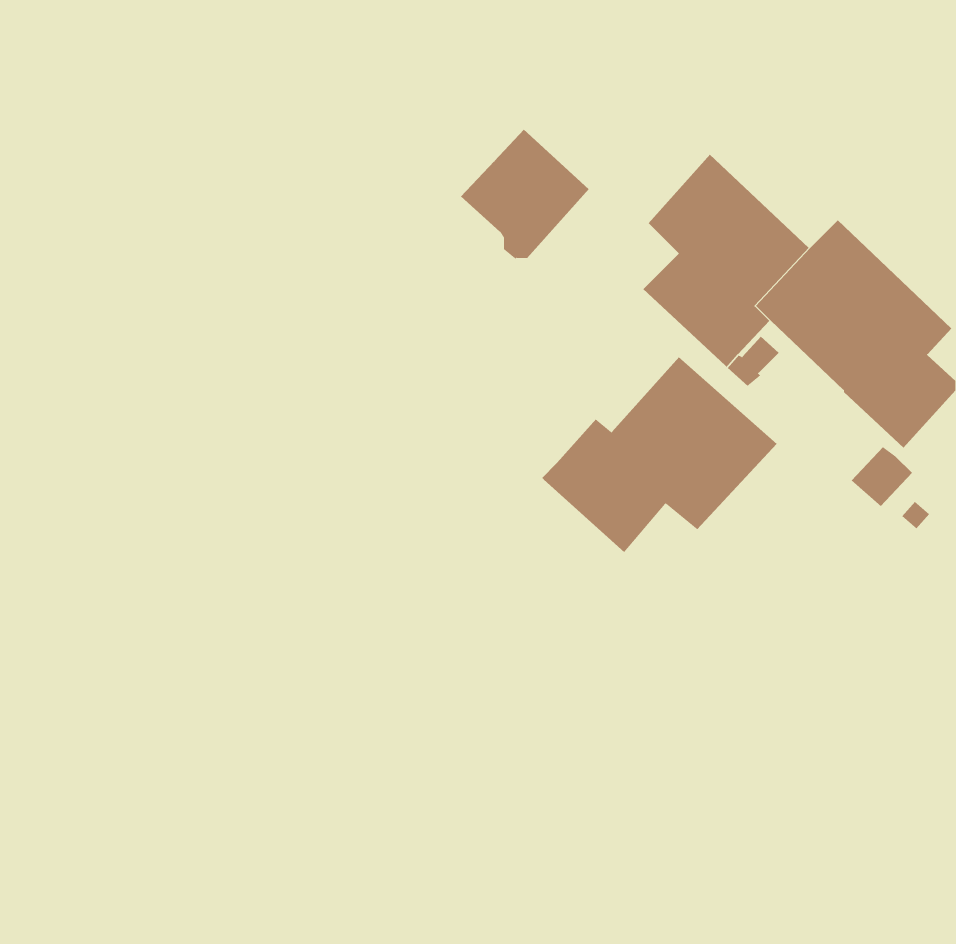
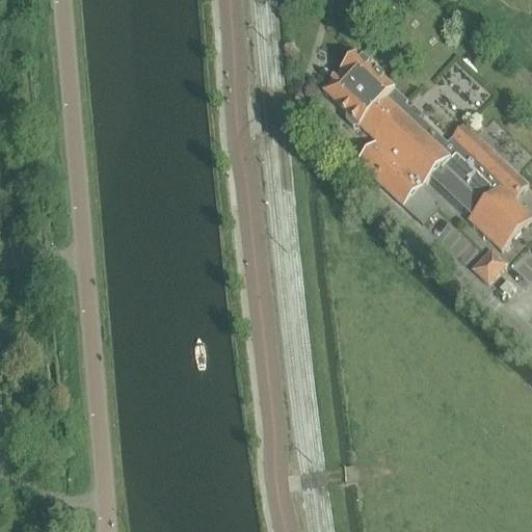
building: [460,129,590,260] -> [321,52,393,125]
building: [541,357,778,553] -> none

